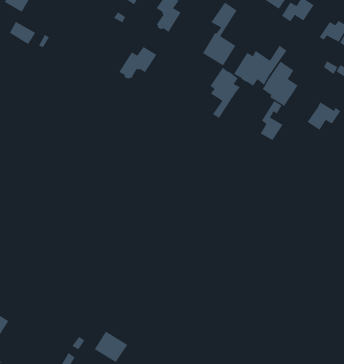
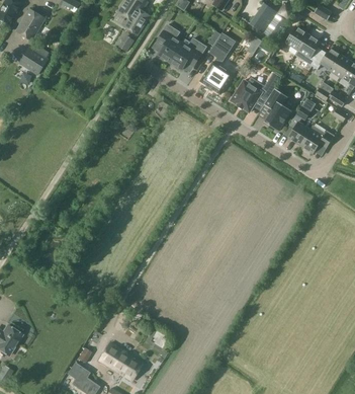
building: none -> [298,35,323,66]
building: [119,46,157,79] -> [171,37,207,69]
building: [210,67,240,119] -> none
building: [260,100,284,141] -> [289,107,312,146]

